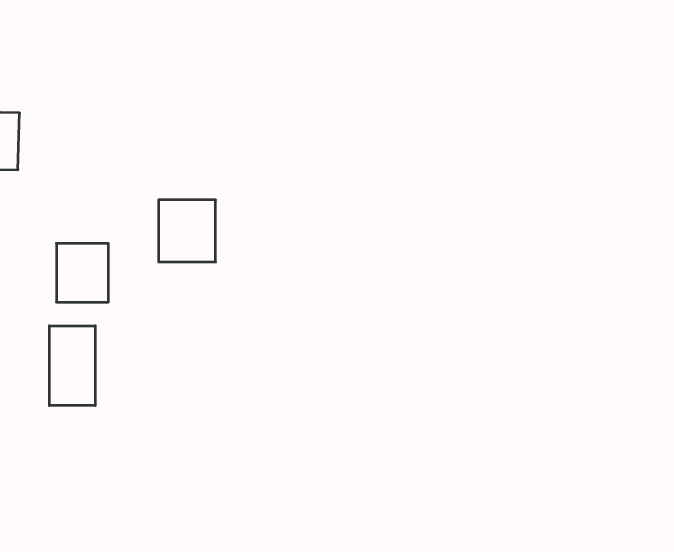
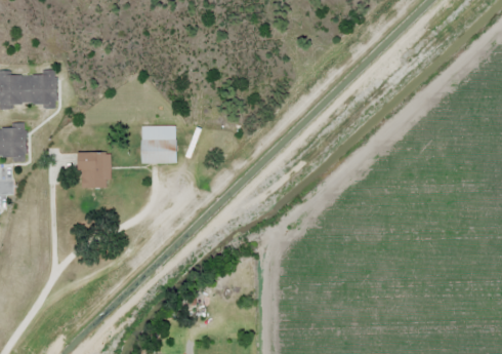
building: [49,326,95,406] -> none

